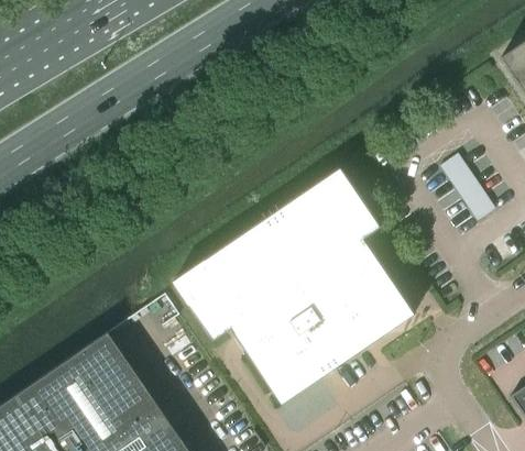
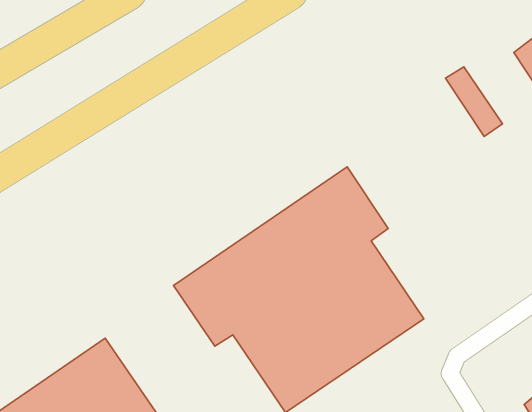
building: [437,151,492,218] -> [445,67,503,136]

